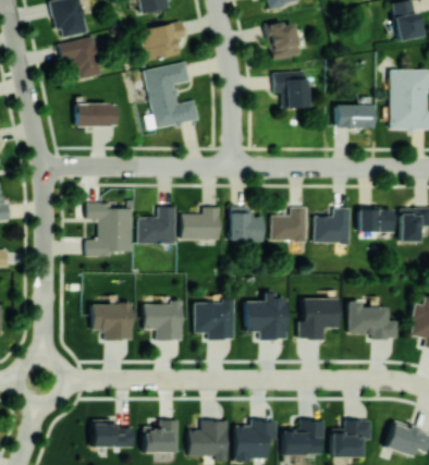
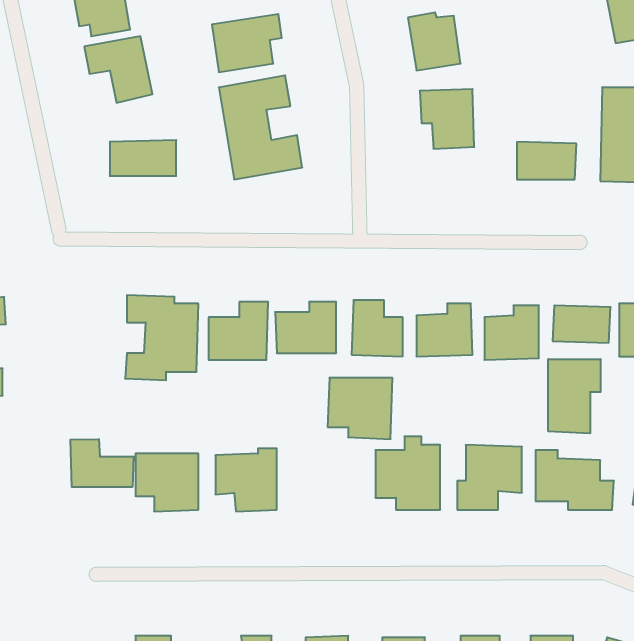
building: none -> [548,359,601,433]
building: none -> [70,439,134,487]
building: [193,302,234,341] -> [328,378,392,439]

